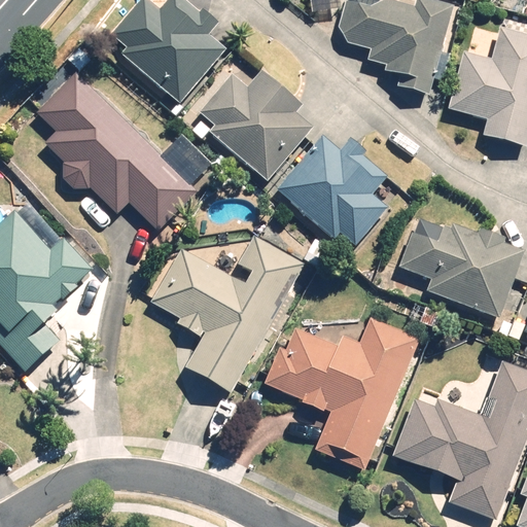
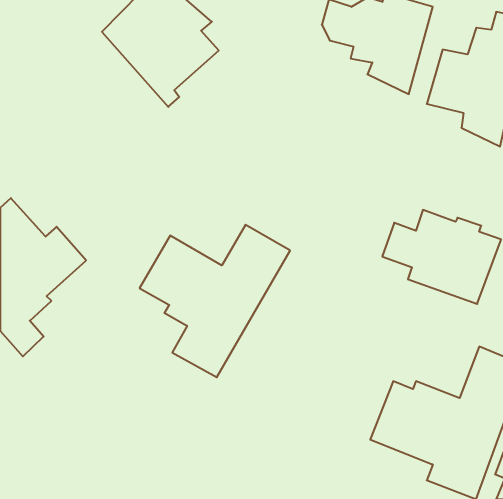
building: [37,69,214,229] -> none
building: [195,71,311,181] -> none
building: [275,134,389,245] -> none
building: [261,317,419,465] -> none

